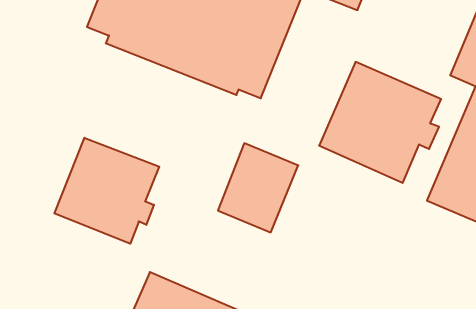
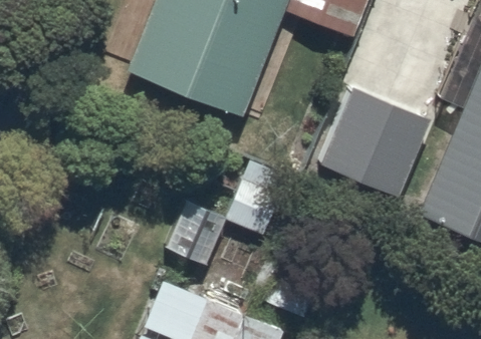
building: [54,138,159,244] -> none

